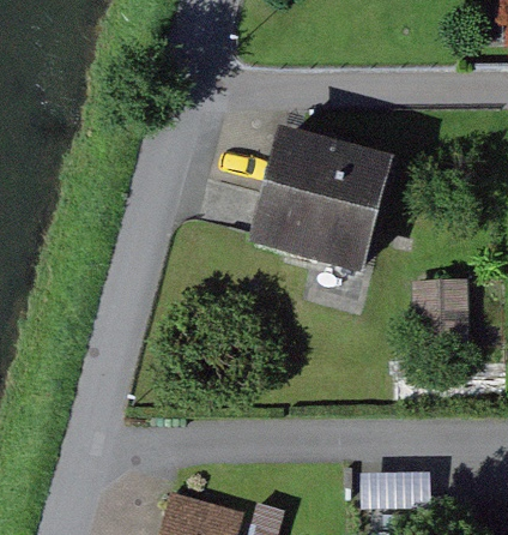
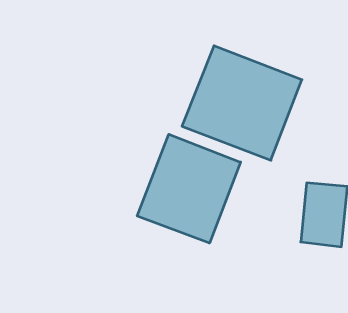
building: none -> [137,134,241,243]

